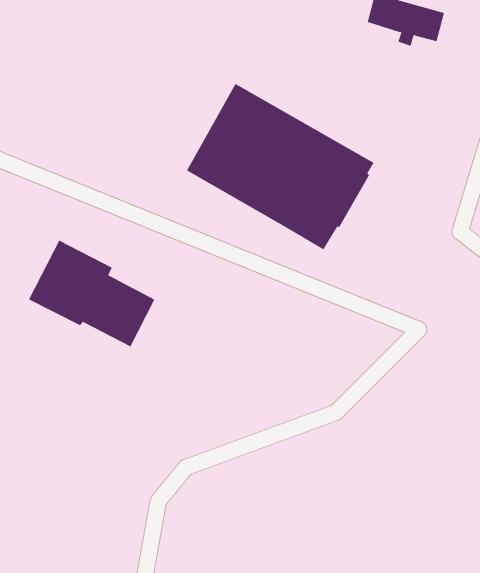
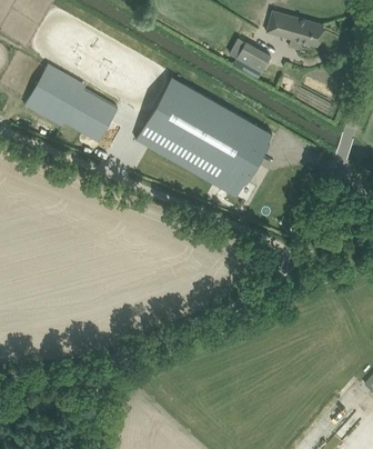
building: none -> [233,41,270,78]
building: [28,240,155,347] -> [24,62,117,140]

